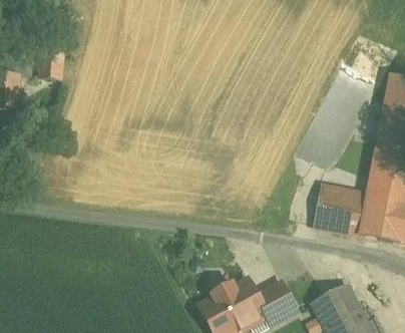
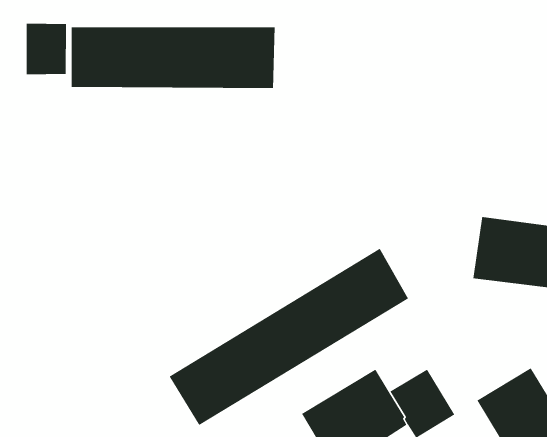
building: none -> [71,26,275,89]
building: none -> [169,248,409,426]

